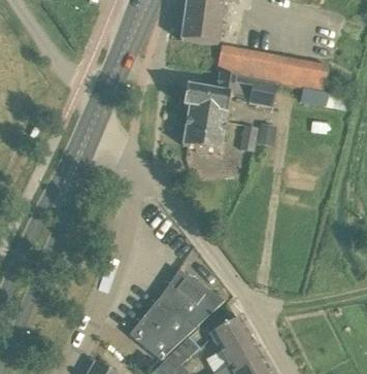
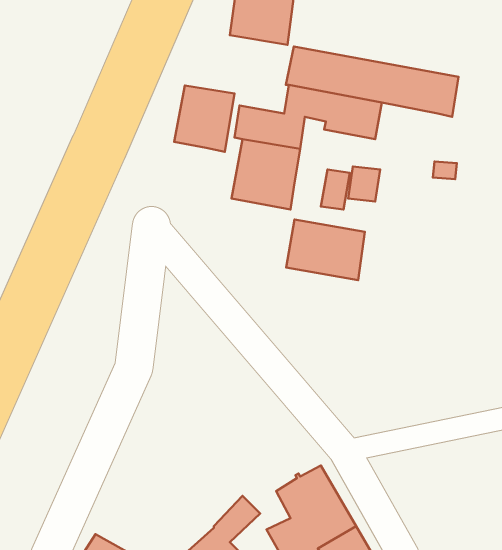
building: none -> [174,85,234,152]
building: none -> [286,220,365,280]
building: [130,267,225,358] -> none

